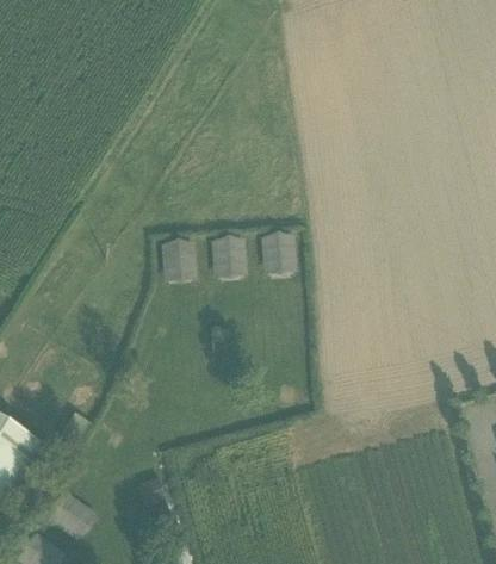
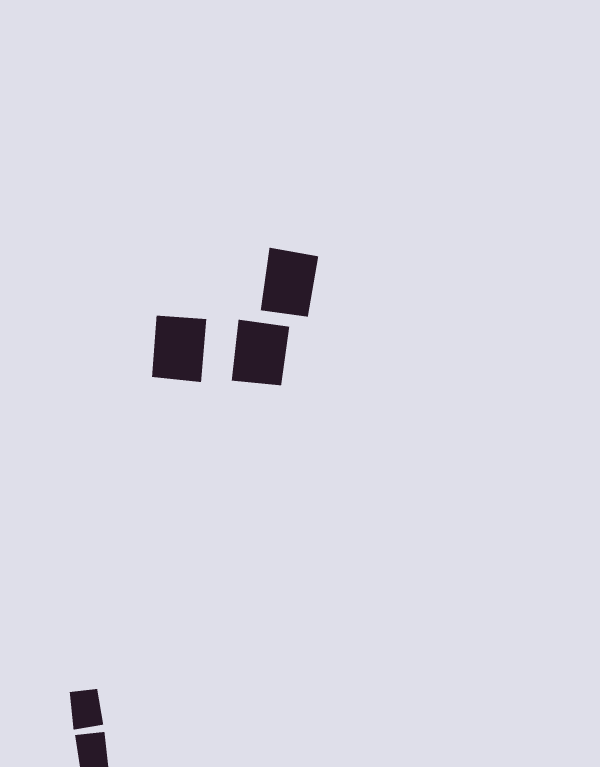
building: [262,228,294,268] -> [260,247,319,318]

